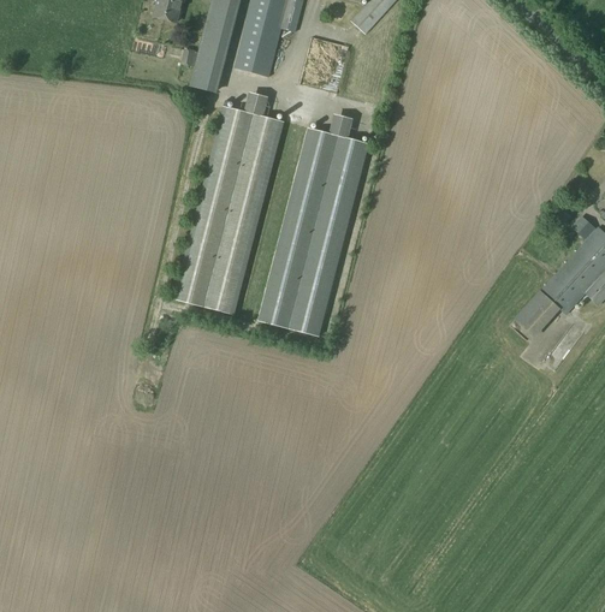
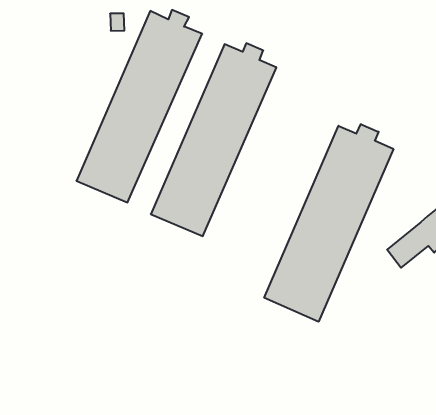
building: none -> [264,124,393,322]

